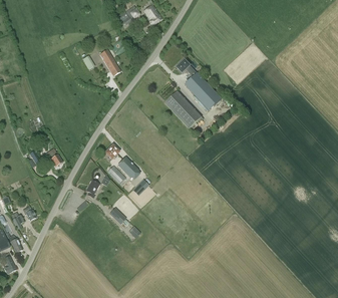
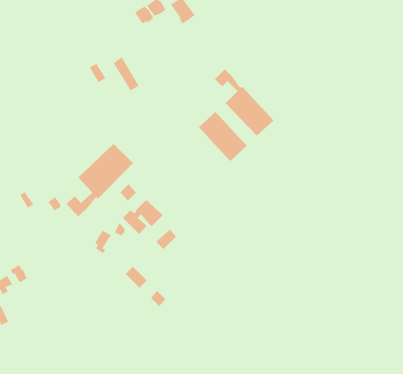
building: none -> [66,143,134,217]

